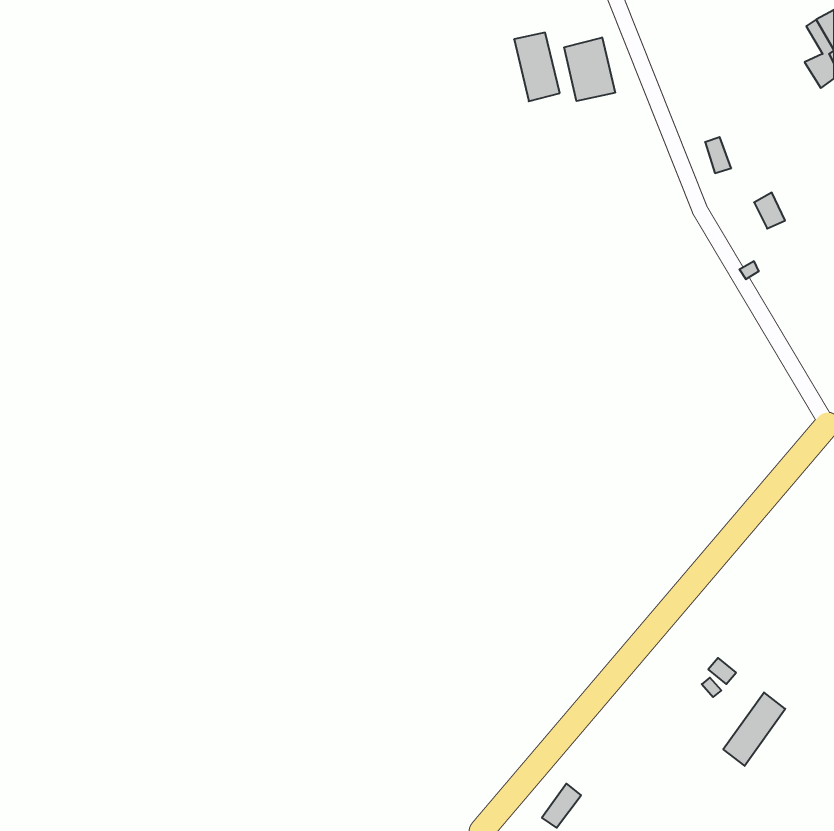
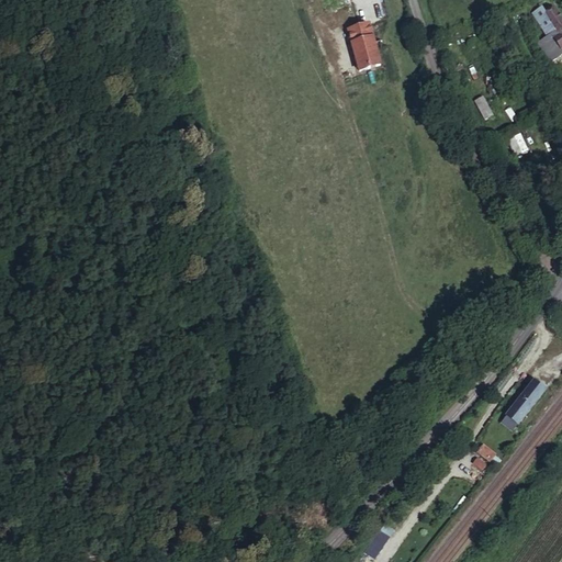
building: [564,37,615,101] -> none
building: [723,692,785,766] -> [504,376,546,426]

